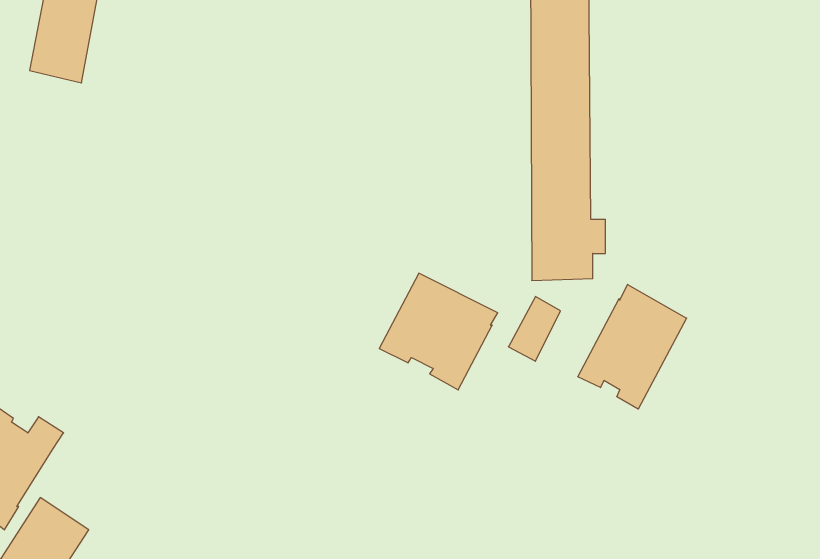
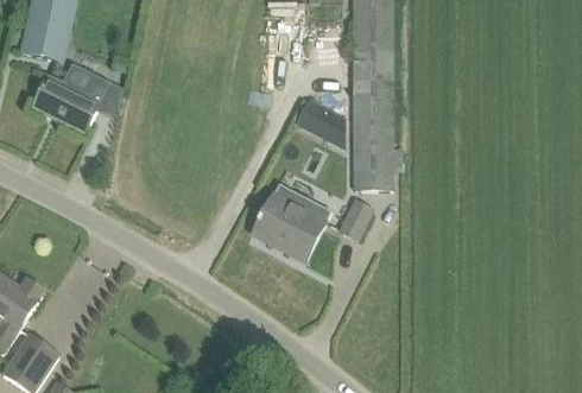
building: none -> [33,63,109,133]
building: none -> [297,102,344,151]
building: [578,284,687,409] -> none

